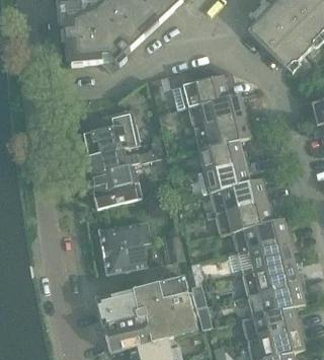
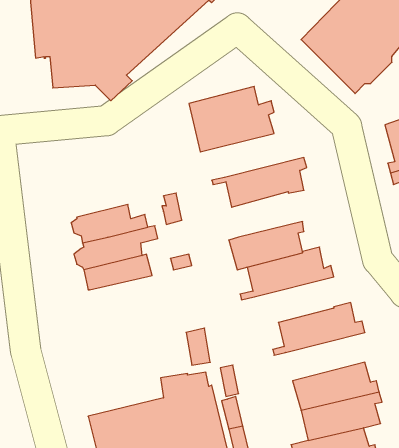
building: [183,94,250,131] -> none
building: [83,110,140,157] -> none
building: [194,139,249,173] -> none
building: [206,200,273,235] -> none
building: [98,222,150,275] -> none
building: [229,239,296,274] -> none

